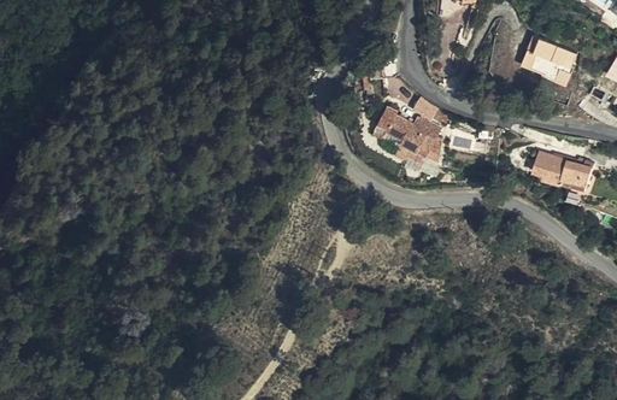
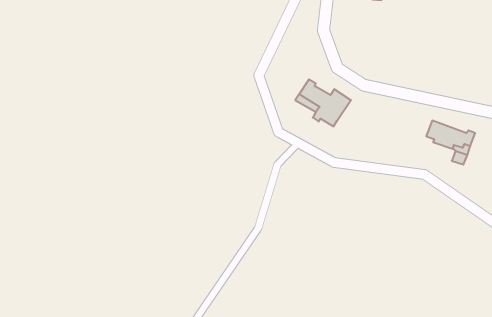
building: [522,36,577,89] -> none

